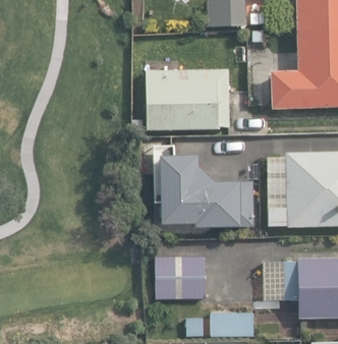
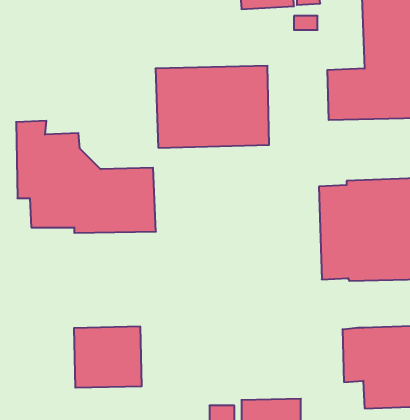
building: [152,146,255,228] -> [16,121,156,233]
building: [154,255,204,300] -> [74,327,142,388]

